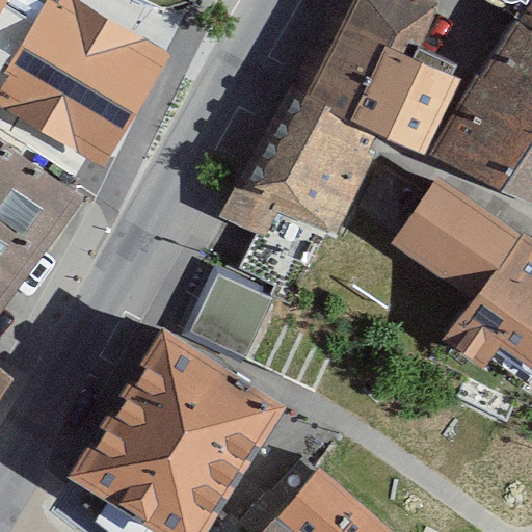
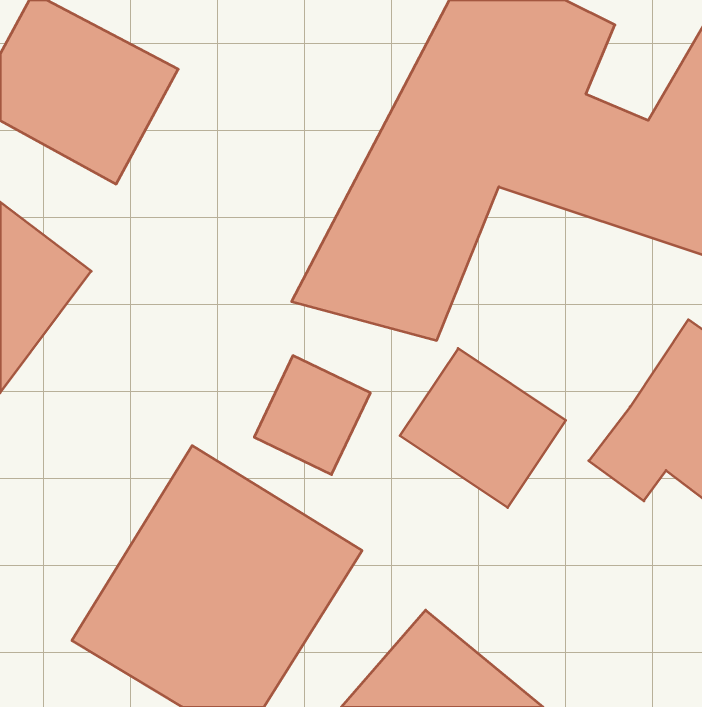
building: [396,186,521,305] -> [400,348,566,508]

